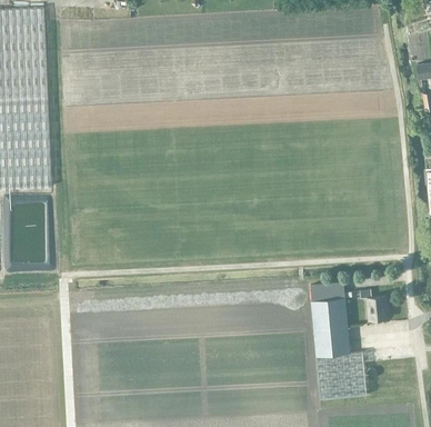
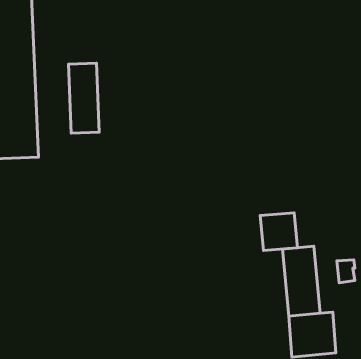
building: none -> [69,63,99,133]
building: none -> [260,213,298,250]

